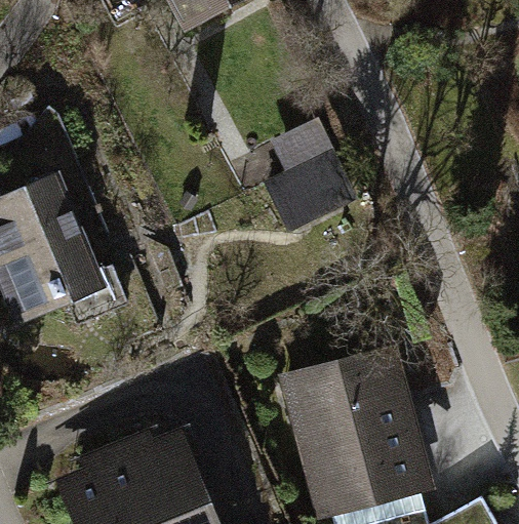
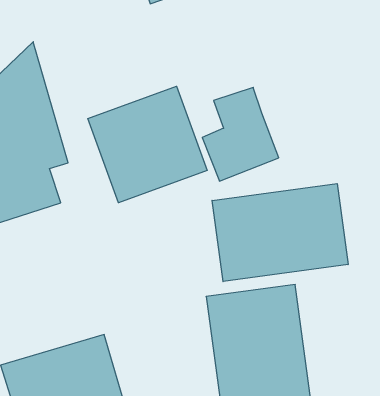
building: none -> [88,86,207,203]
building: none -> [212,184,348,282]

